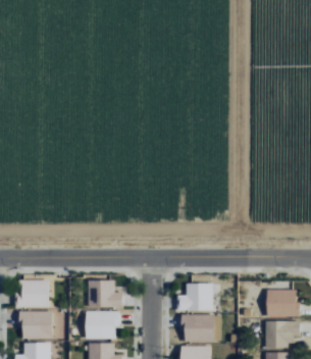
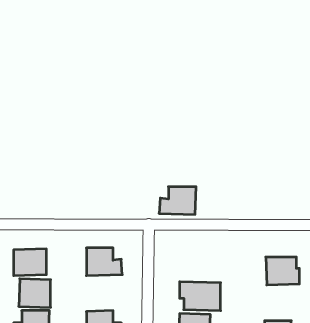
building: [176,283,213,310] -> [159,187,196,214]
building: [85,311,117,339] -> none
building: [265,320,301,347] -> none

